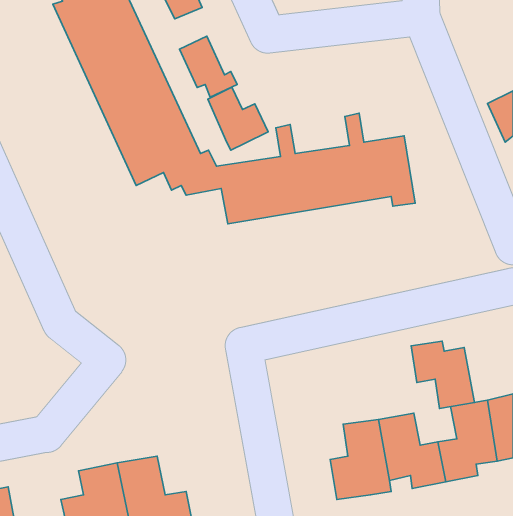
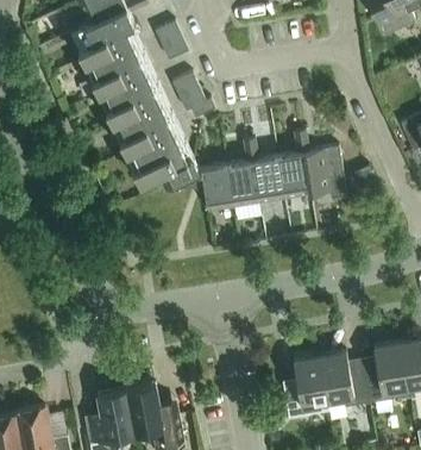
building: [208,87,268,150] -> none
building: [411,341,475,409] -> none

